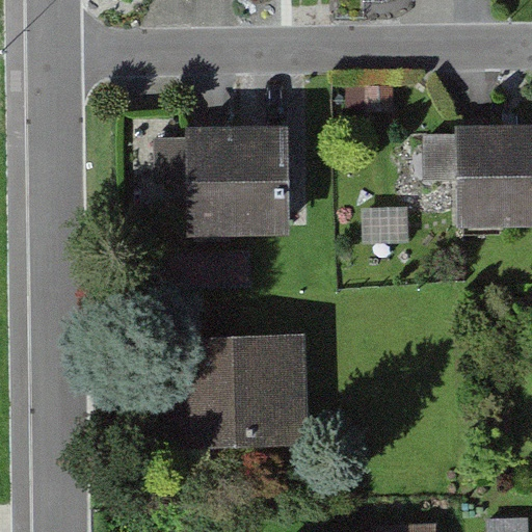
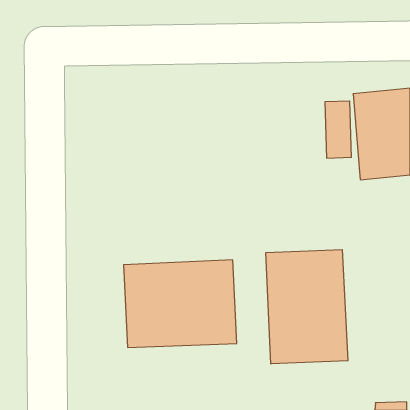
building: [187,122,296,242] -> none
building: none -> [266,250,348,364]

